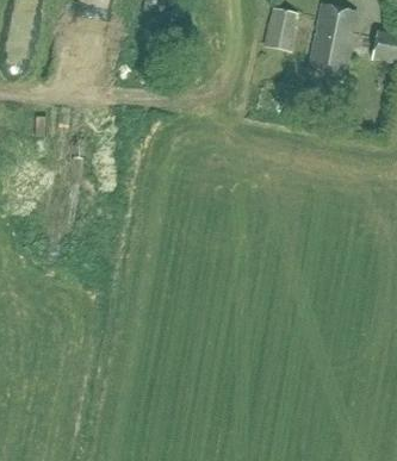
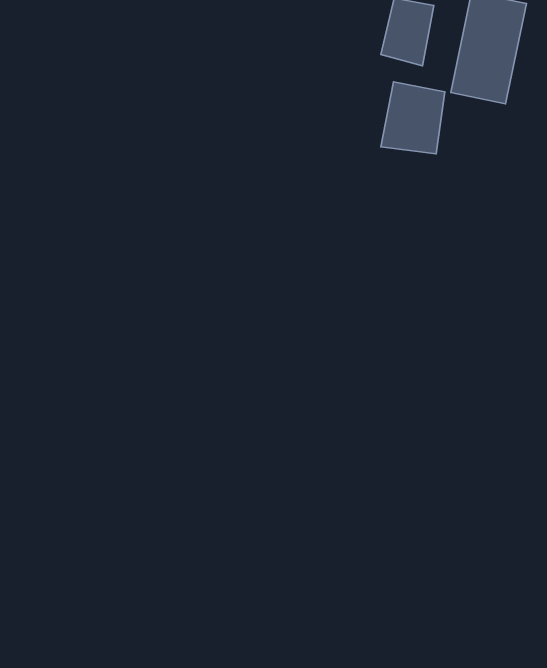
building: none -> [381,82,445,154]

